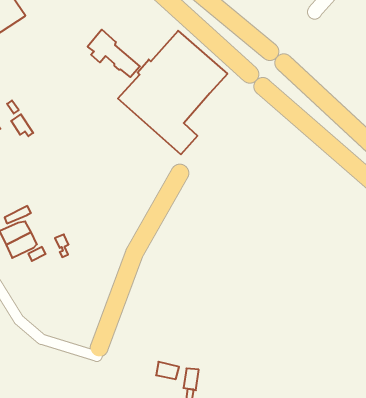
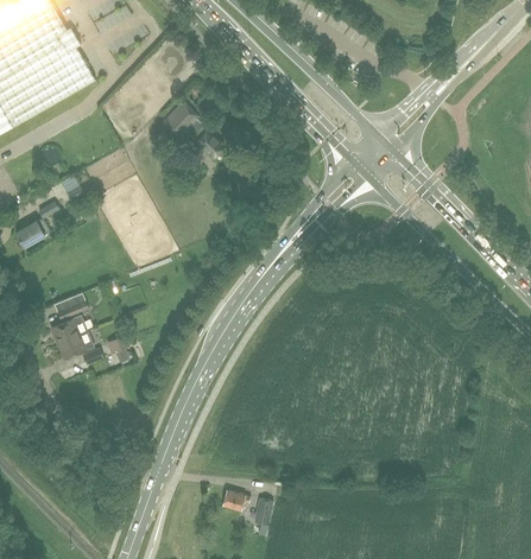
building: [118,31,227,154] -> none

